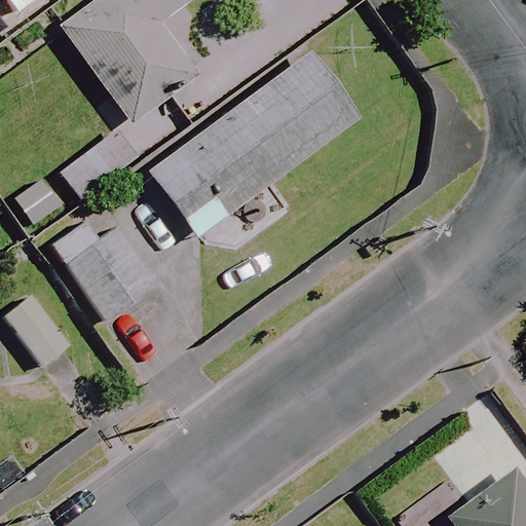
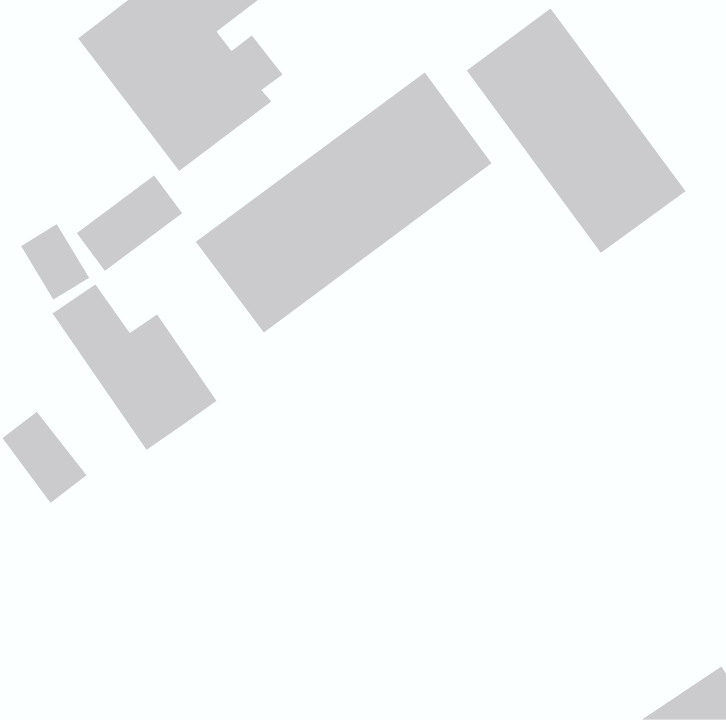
building: none -> [466,8,686,254]

